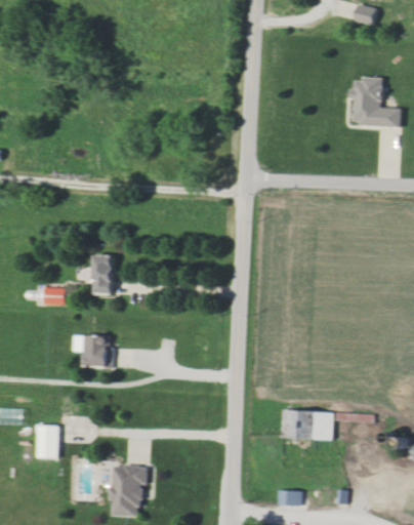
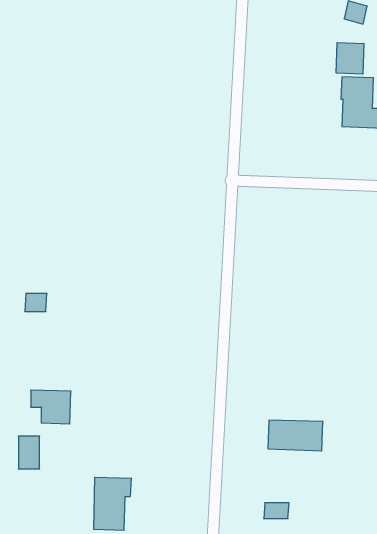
building: none -> [336,43,364,74]
building: [94,254,115,294] -> none
building: [74,335,113,368] -> [31,390,71,424]

